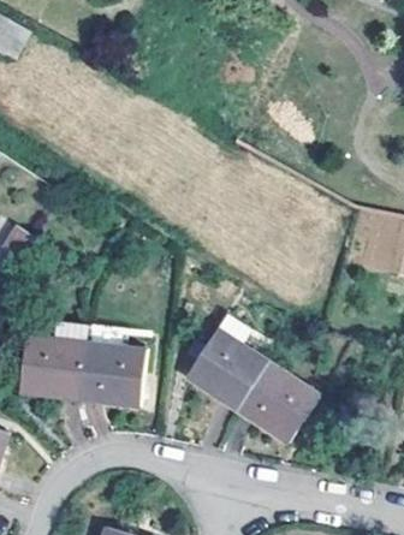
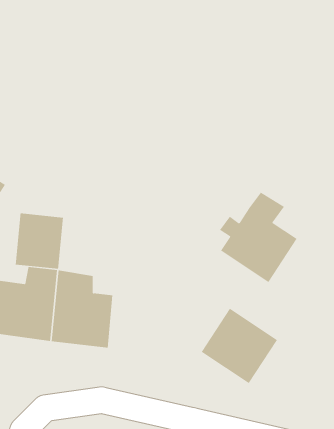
building: none -> [15,213,64,270]
building: [185,316,267,411] -> [219,192,297,283]

